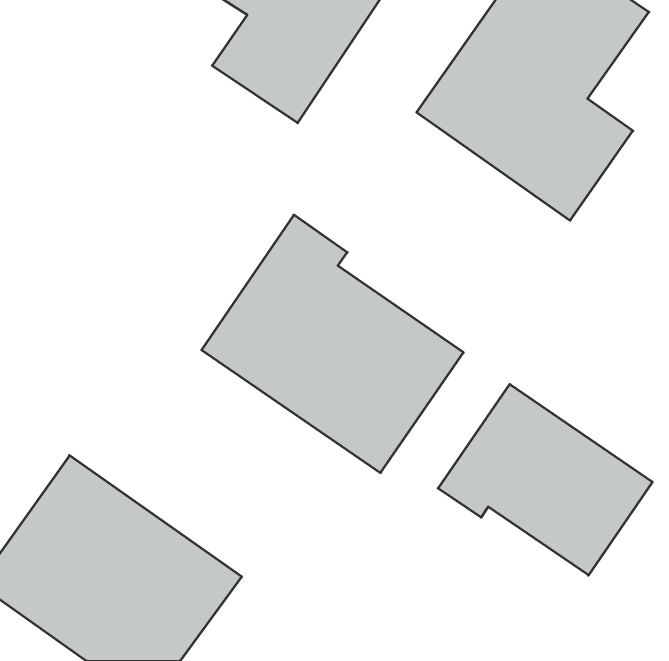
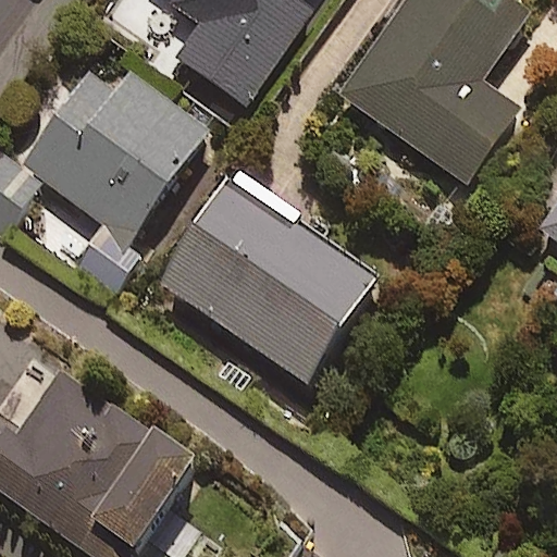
building: none -> [23,73,207,278]
building: [438,384,652,575] -> none

